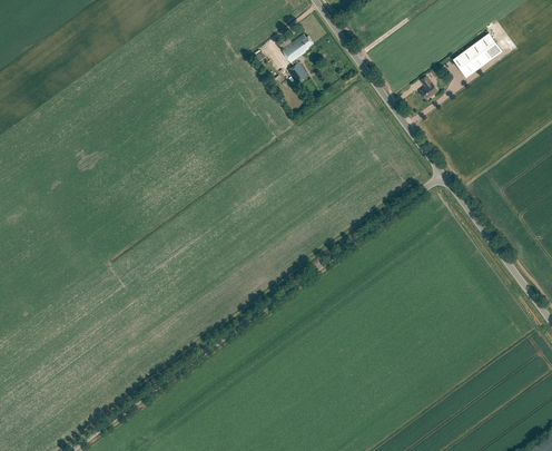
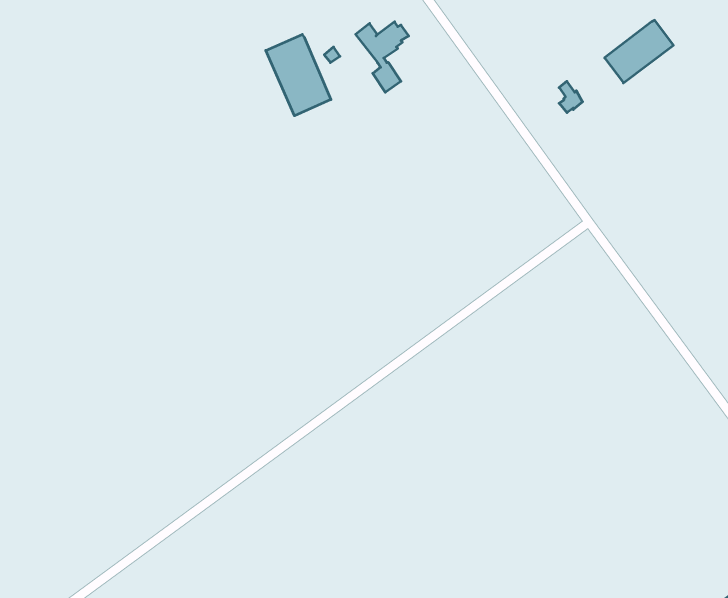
building: none -> [266,34,331,116]

